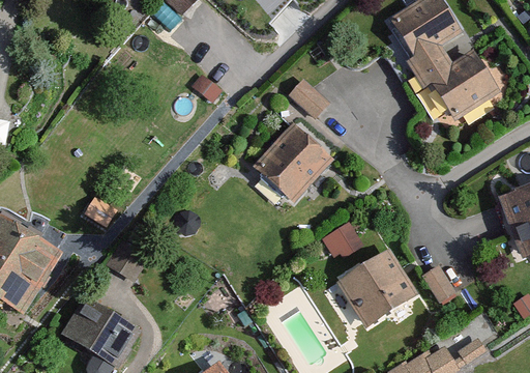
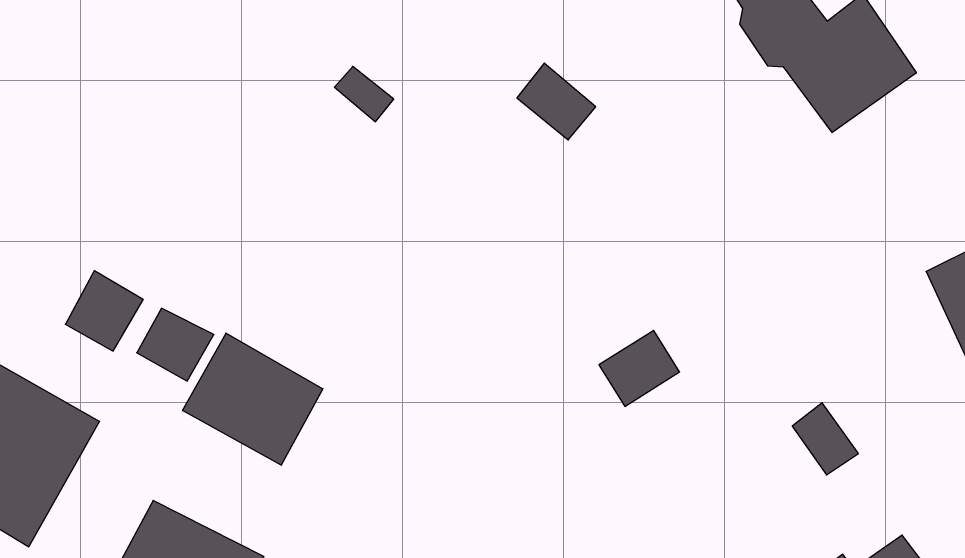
building: [259,125,334,202] -> none
building: none -> [65,271,143,351]
building: none -> [183,333,323,465]
building: [337,250,417,326] -> none

